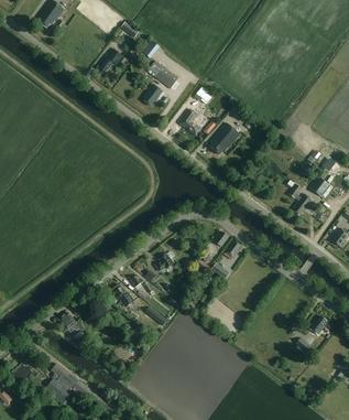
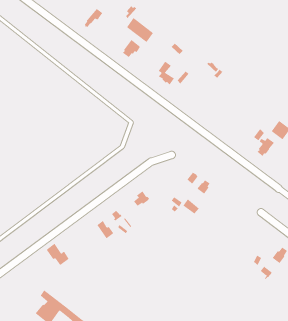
building: [210,122,240,153] -> none

